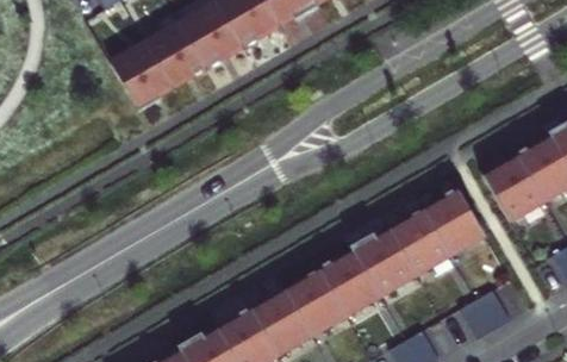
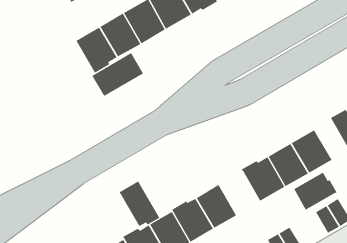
building: none -> [91,52,144,97]
building: [319,251,379,316] -> none
building: none -> [293,172,337,211]
building: none -> [119,181,160,227]

